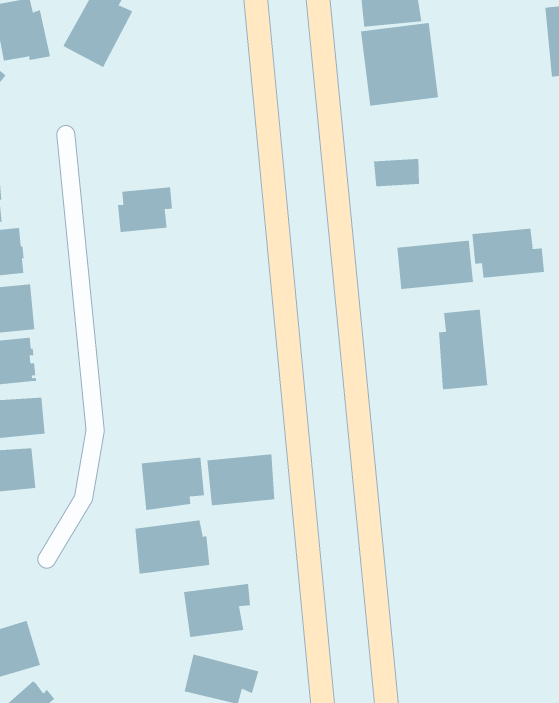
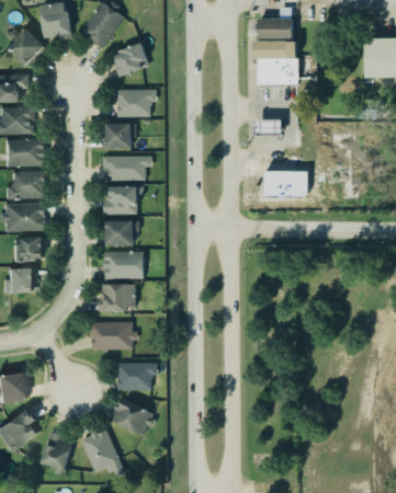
building: none -> [113,43,149,77]
building: none -> [116,89,156,116]
building: [472,228,545,278] -> none
building: none -> [102,156,150,180]
building: none -> [103,186,142,214]
building: [438,309,488,390] -> none
building: none -> [103,220,138,244]
building: [207,454,275,506] -> [105,252,145,279]

